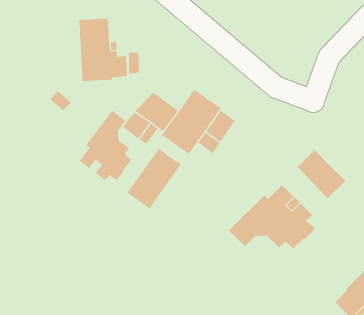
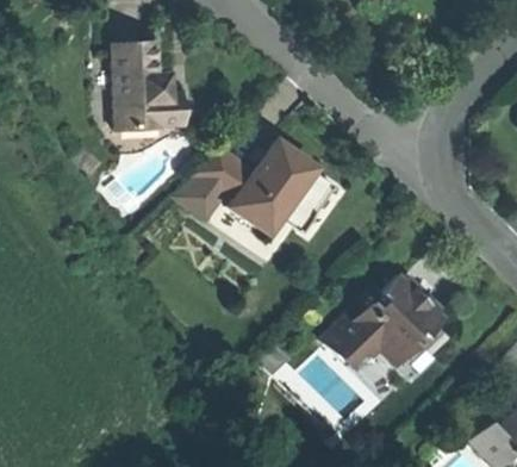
building: [79,110,132,181] -> none
building: [127,148,182,210] -> none
building: [296,149,346,199] -> none

